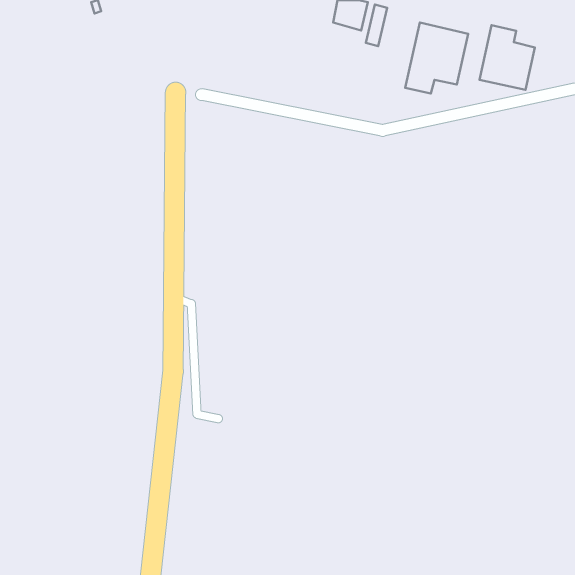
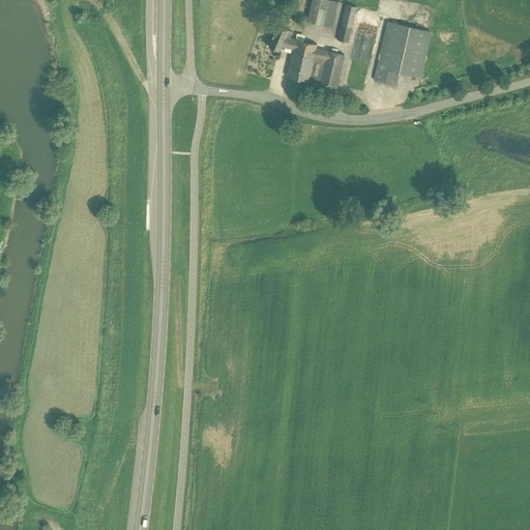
building: [479,25,535,90] -> none
building: none -> [269,26,344,88]

